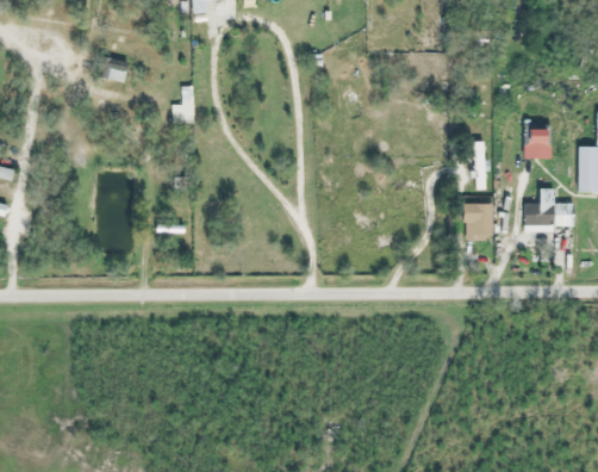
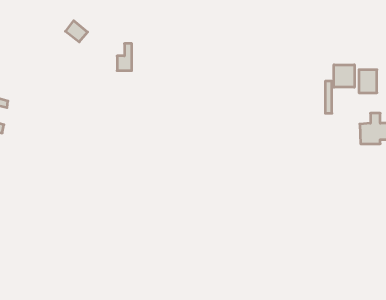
building: none -> [334,65,354,87]
building: [465,204,494,240] -> none

